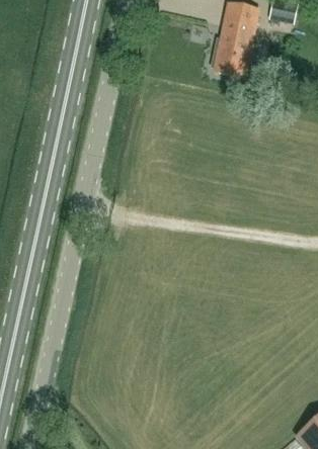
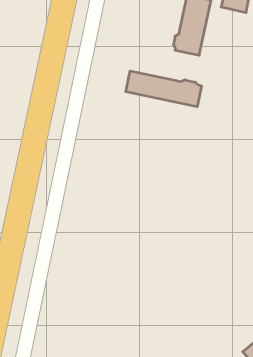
building: none -> [126,71,202,107]

